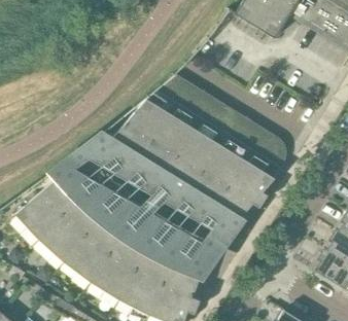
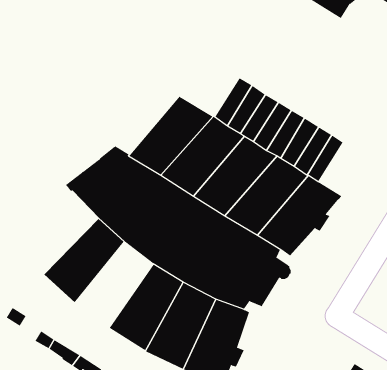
building: [148,74,195,115] -> none
building: [257,136,288,178] -> none
building: [16,174,83,240] -> none
building: [65,214,127,282] -> none

